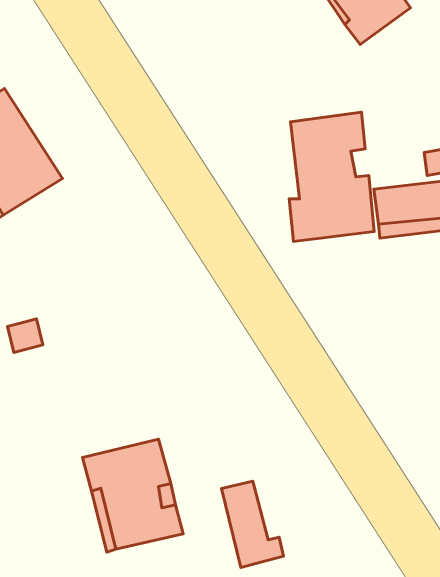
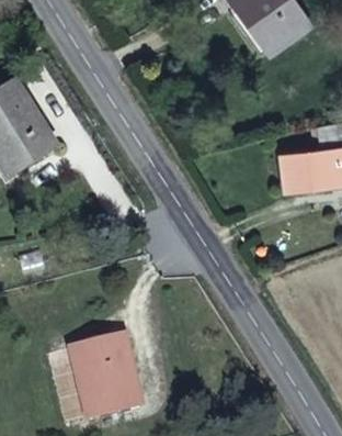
building: [289,112,374,241] -> none
building: [222,481,284,568] -> none

